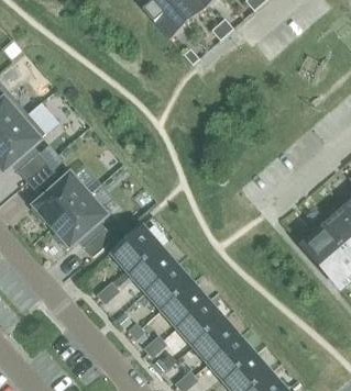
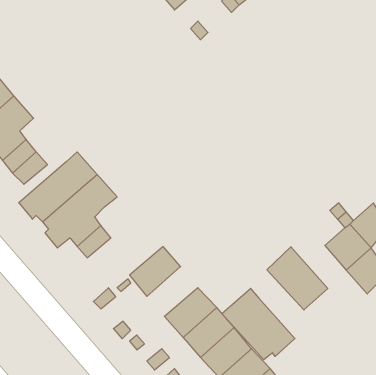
building: [113,227,160,271] -> none
building: none -> [267,247,328,310]
building: [145,264,190,308] -> none
building: none -> [222,288,295,360]

